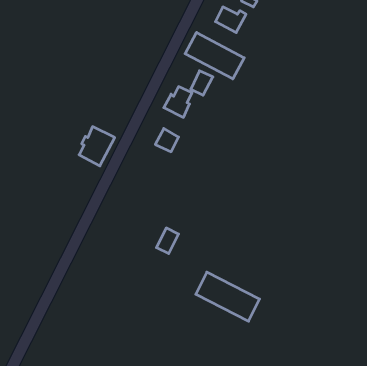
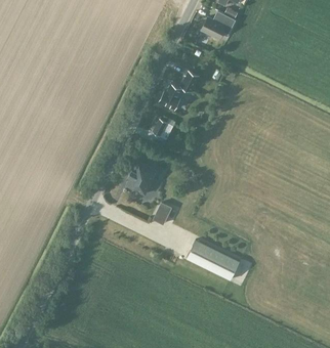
building: [185,32,244,79] -> none
building: [79,127,115,166] -> [126,162,156,194]

